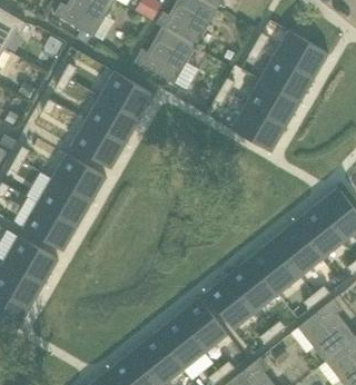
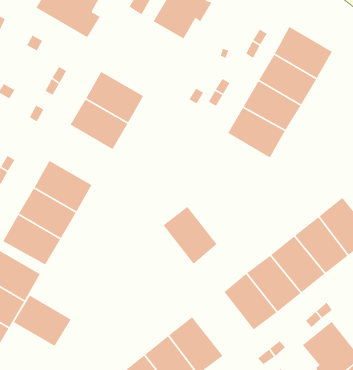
building: [136,23,196,83] -> none
building: [71,121,126,169] -> none
building: [205,276,256,330] -> [162,206,218,265]
building: none -> [13,295,71,347]

